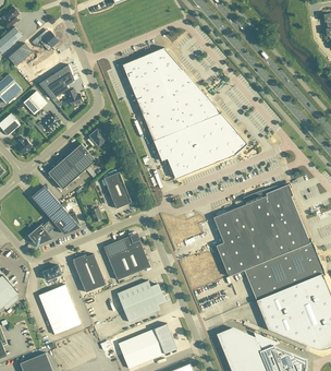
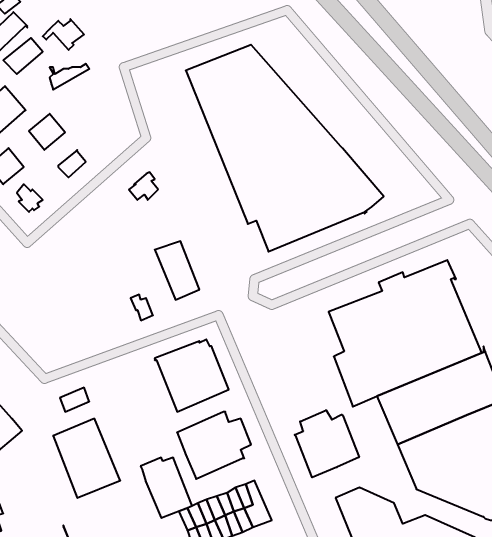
building: [38,65,83,108] -> none
building: [47,144,95,190] -> none
building: [27,186,78,247] -> none
building: [72,254,105,292] -> [141,458,192,518]
building: none -> [295,410,359,477]

